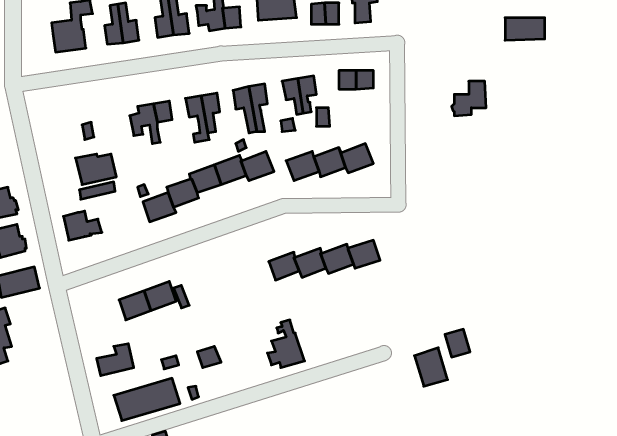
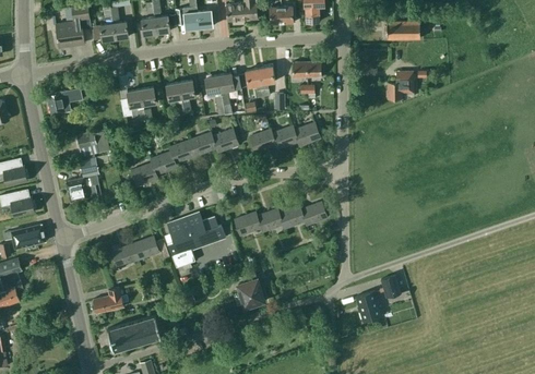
building: [505,18,545,40] -> [387,21,419,39]
building: none -> [47,87,81,114]
building: none -> [165,215,225,267]

